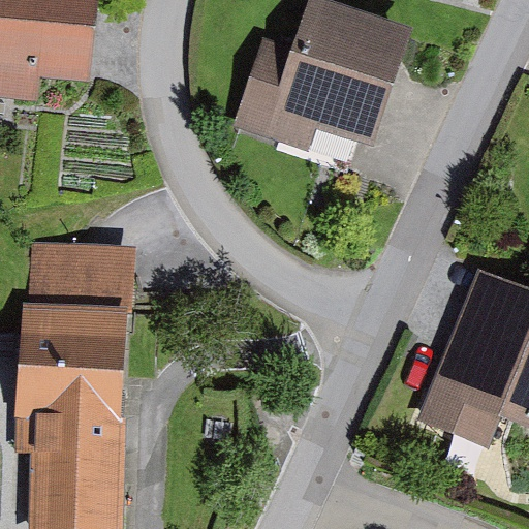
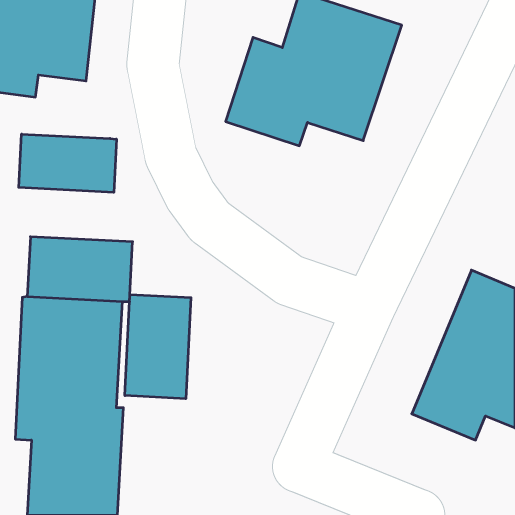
building: none -> [19,134,116,192]
building: none -> [125,295,191,399]

